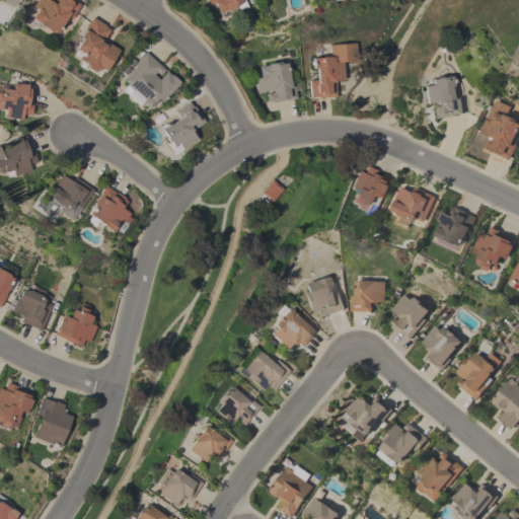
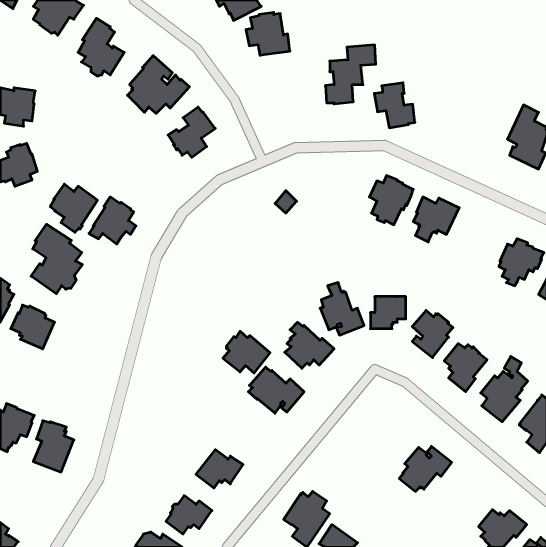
building: [254,62,296,102] -> [246,12,290,55]
building: [425,76,463,119] -> [374,83,415,128]
building: [434,207,476,252] -> none
building: none -> [31,224,82,294]
building: [56,302,96,348] -> none
building: [214,386,258,426] -> [223,331,270,373]
building: [345,395,394,441] -> none
building: [418,451,464,502] -> none

